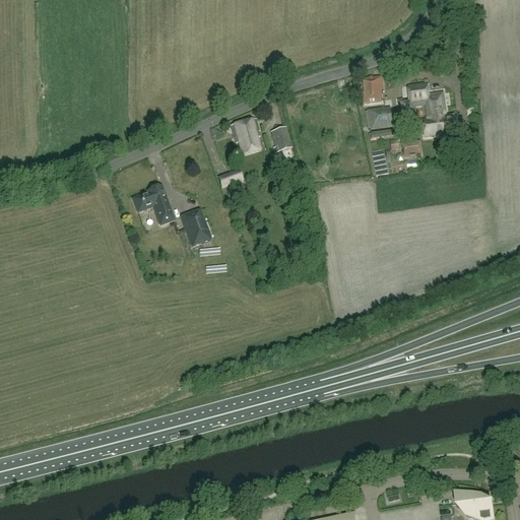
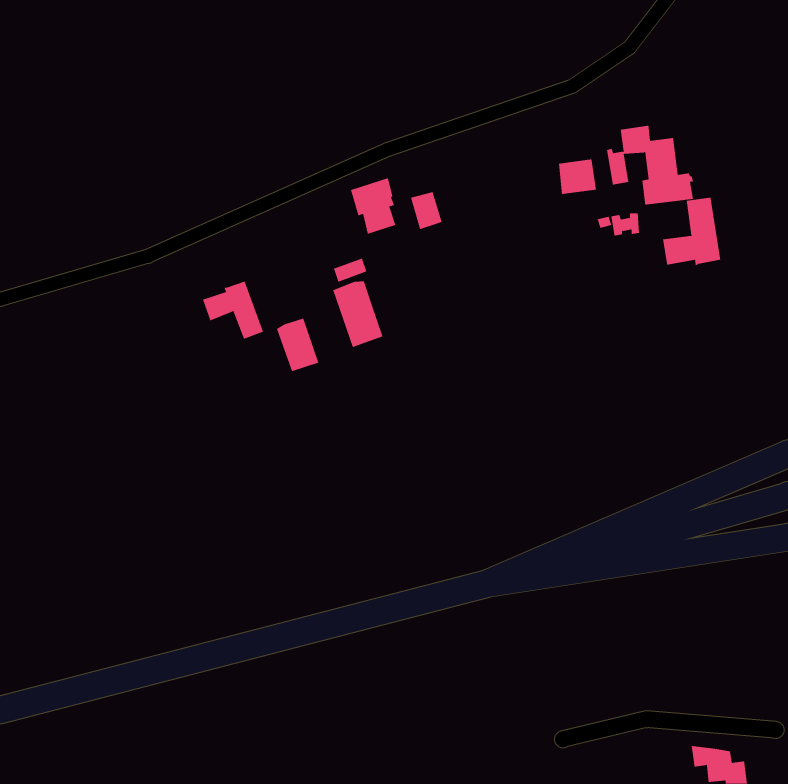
building: [363,75,384,103] -> none
building: none -> [663,197,721,266]
building: none -> [332,280,383,348]

